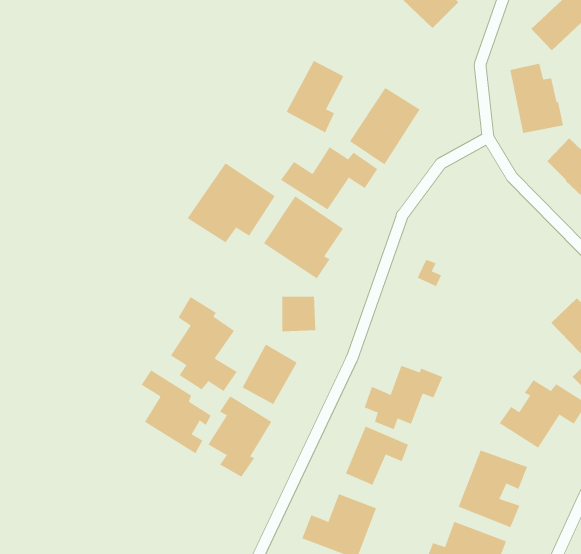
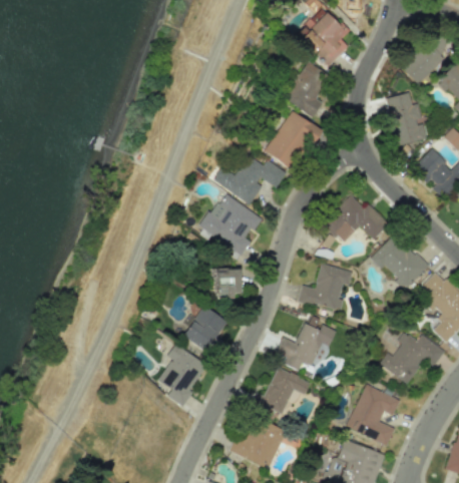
building: [286,60,344,133] -> [286,61,330,116]
building: [187,163,275,243] -> none
building: none -> [324,195,389,244]
building: none -> [371,233,428,291]
building: none -> [300,263,353,311]
building: [170,296,237,392] -> none
building: [141,369,212,454] -> none

